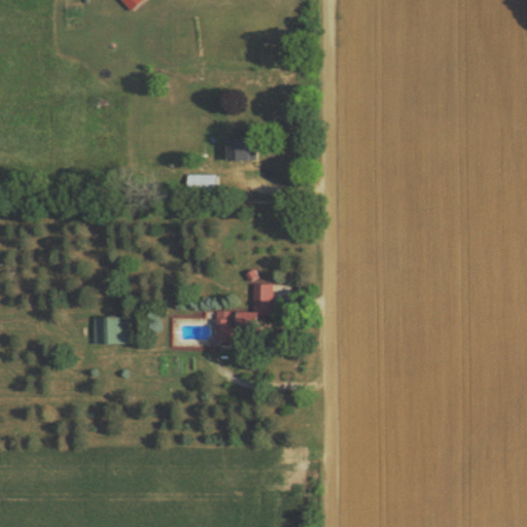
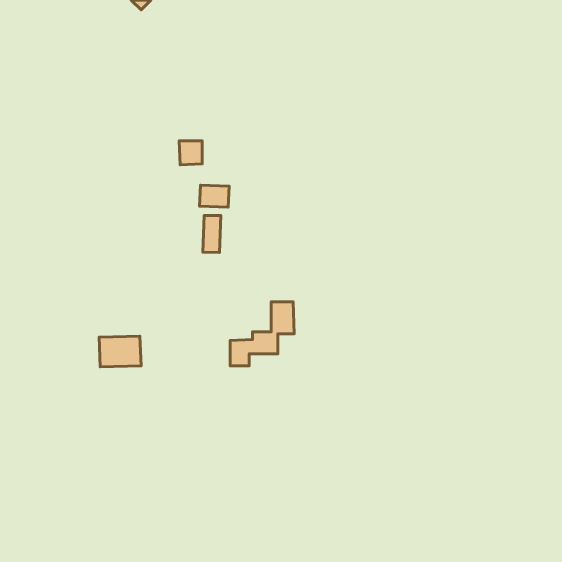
building: [225,137,247,160] -> [179,141,202,165]
building: none -> [203,215,221,252]

